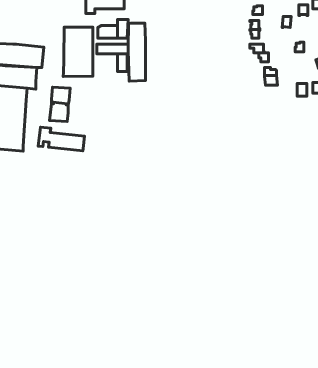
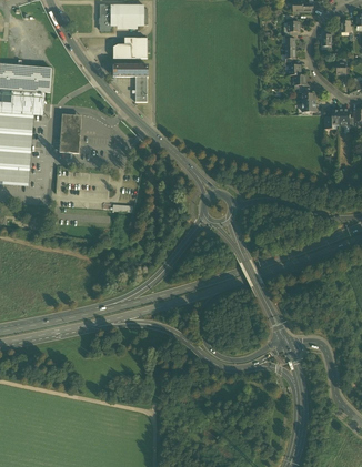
building: [128,23,146,81] -> none
building: [63,27,93,76] -> none
building: [38,127,85,151] -> none

